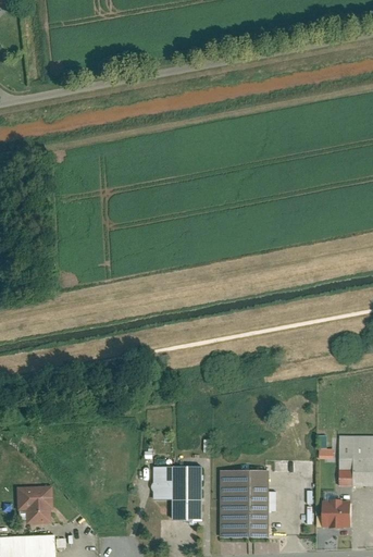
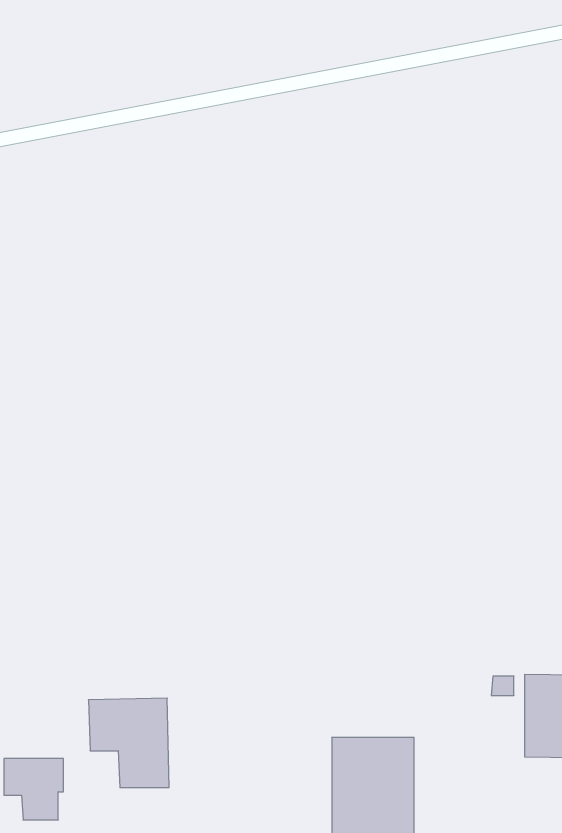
building: [151,466,201,521] -> [88,698,169,788]
building: [321,499,350,524] -> none

